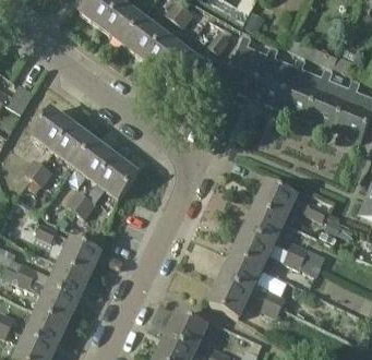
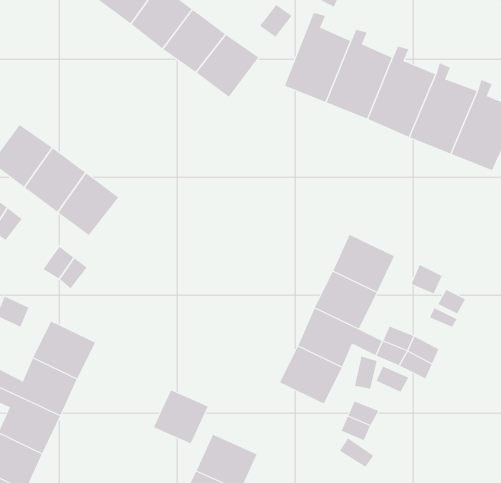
building: [96,157,137,199] -> none
building: [208,278,250,317] -> none
building: none -> [153,390,209,444]

